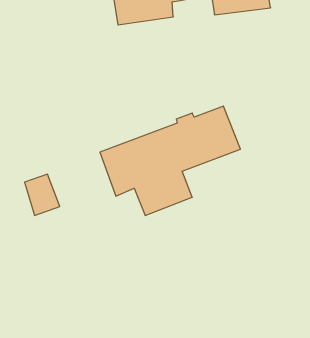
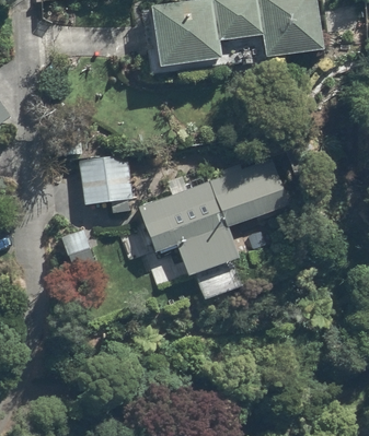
building: none -> [79,154,132,212]

